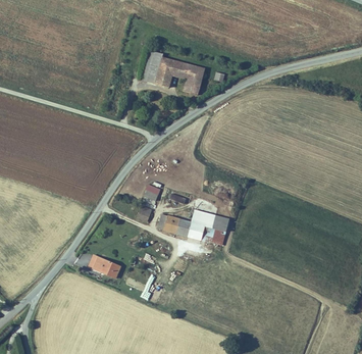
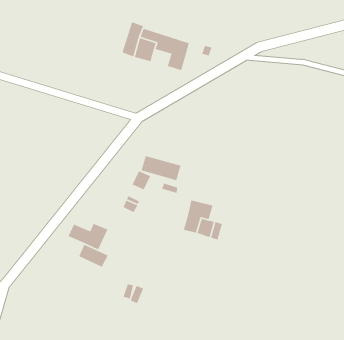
building: [159,214,196,238] -> [140,155,181,181]
building: none -> [67,223,109,251]

